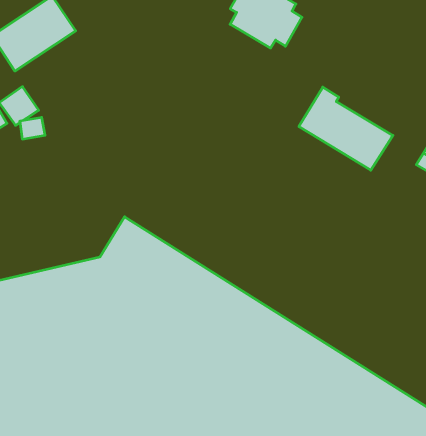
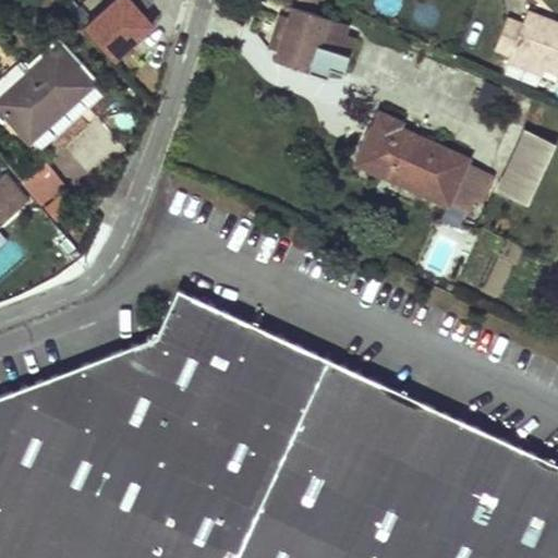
building: none -> [447,162,493,213]

